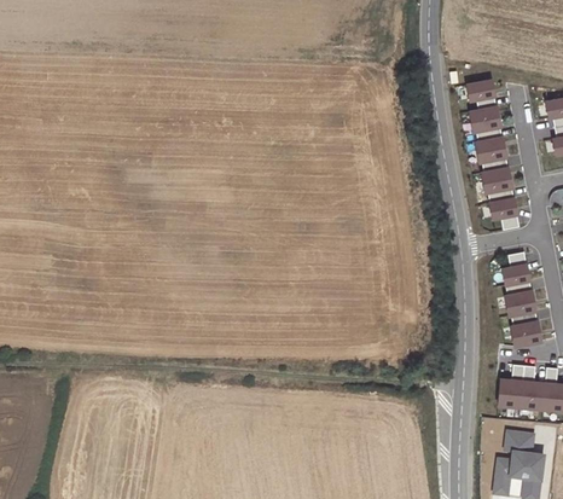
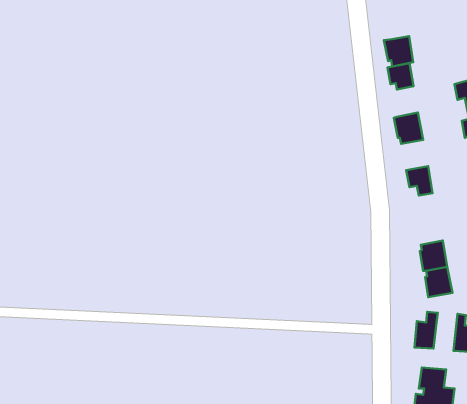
building: [468,105,501,140] -> [384,36,413,66]
building: [480,167,513,202] -> none
building: [501,253,530,288] -> none
building: [521,365,545,410] -> none

